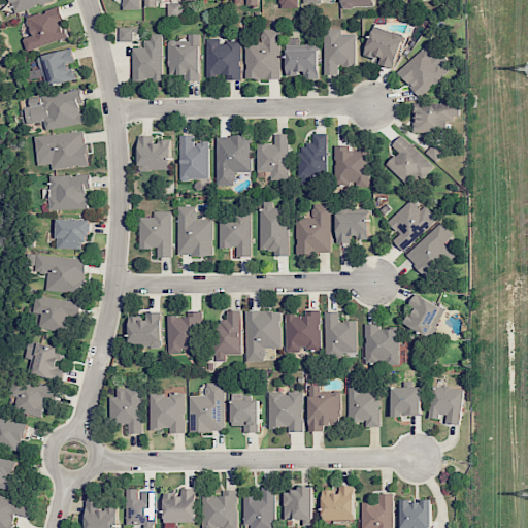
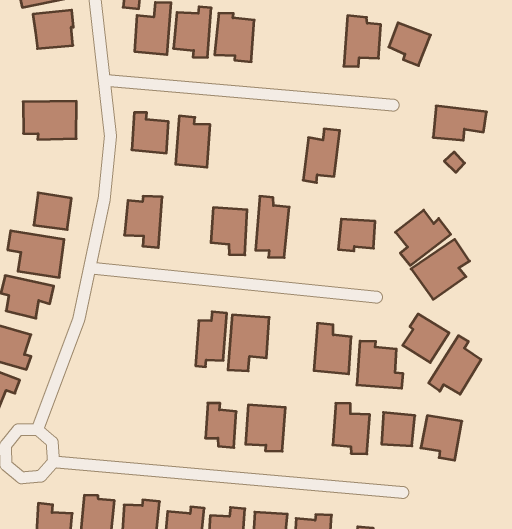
building: [244,29,279,79] -> none
building: [285,38,318,78] -> none
building: [396,44,447,96] -> none
building: [24,89,81,129] -> none
building: [256,134,289,180] -> none
building: [216,136,250,186] -> none
building: [385,136,432,189] -> none
building: [333,145,367,187] -> none
building: [43,173,90,210] -> none
building: [295,204,330,254] -> none
building: [176,205,211,255] -> none
building: [285,309,319,352] -> none
building: none -> [429,336,481,394]
building: [128,311,160,348] -> none
building: [166,314,199,354] -> none
building: [189,382,225,432] -> none
building: [307,385,339,431] -> none
building: [109,387,141,433] -> none
building: [150,392,185,433] -> none

